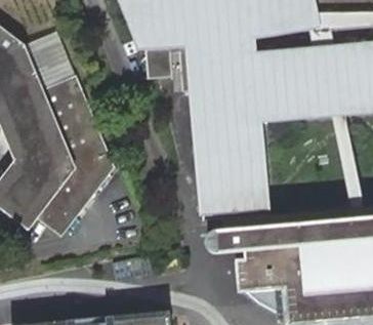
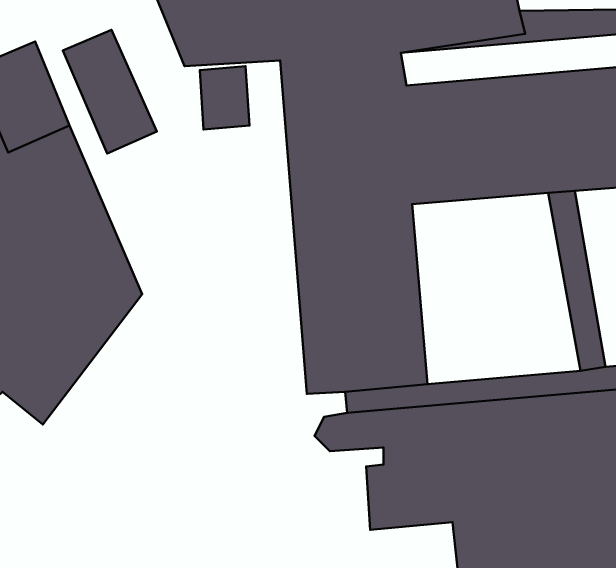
building: none -> [63,30,157,154]

